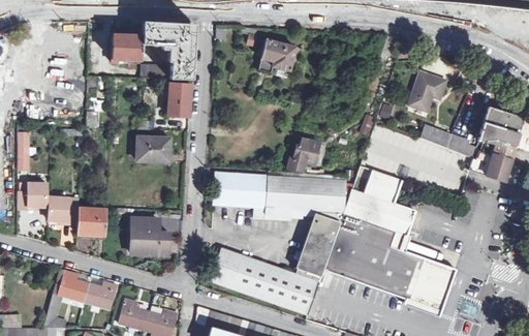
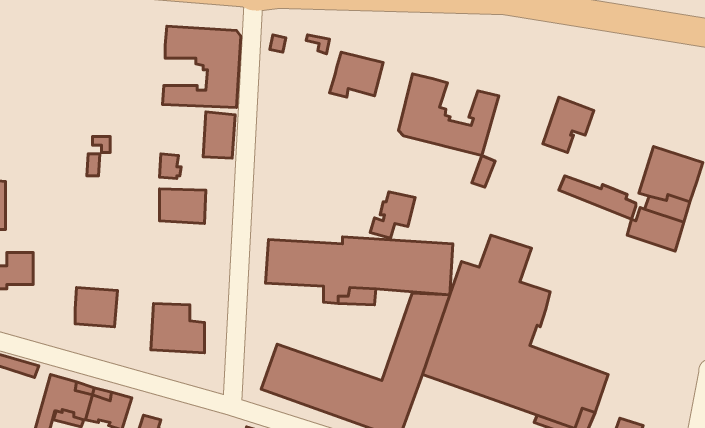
building: [112,35,141,63] -> none
building: none -> [398,74,499,155]
building: [48,196,77,223] -> none

